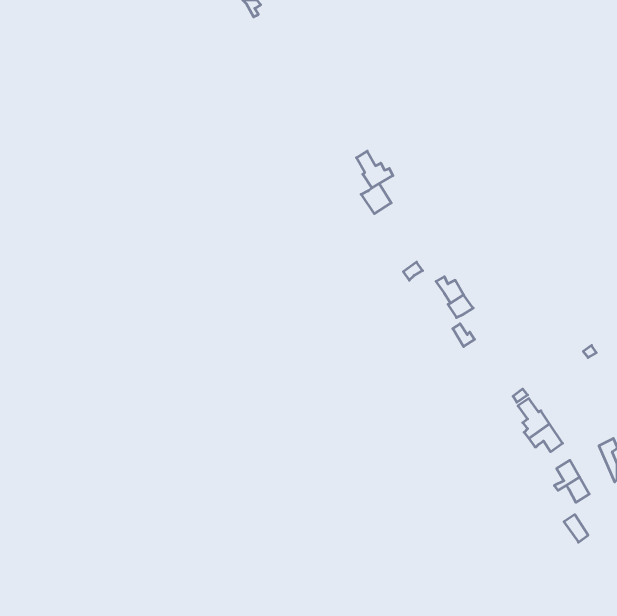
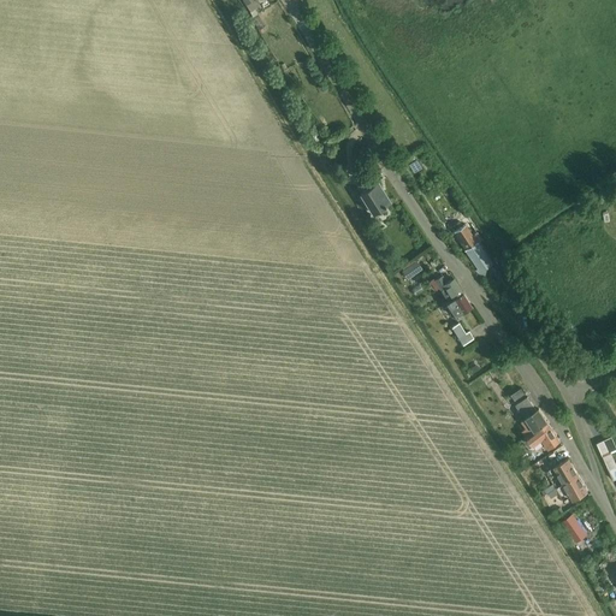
building: [356,151,393,188] -> none
building: none -> [454,218,492,273]

